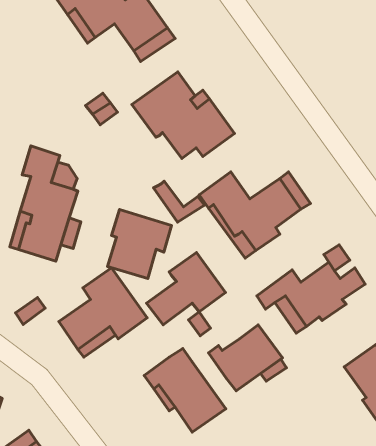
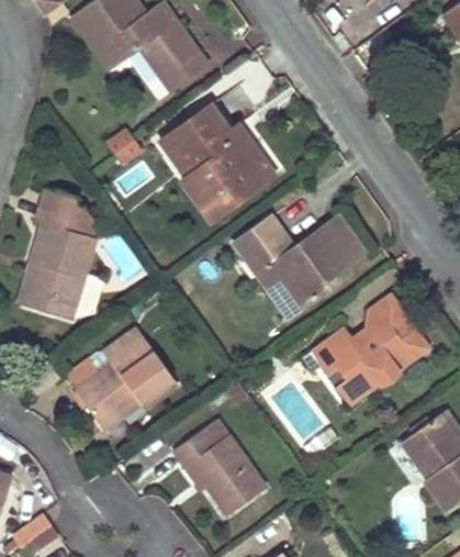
building: [154,181,205,222] -> [182,171,240,219]
building: [107,210,171,279] -> none
building: [147,252,226,325] -> none
building: [208,325,282,391] -> none

